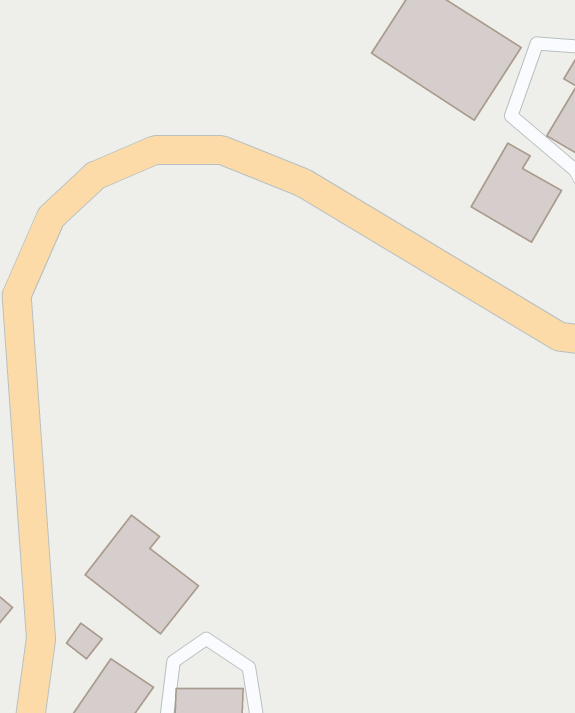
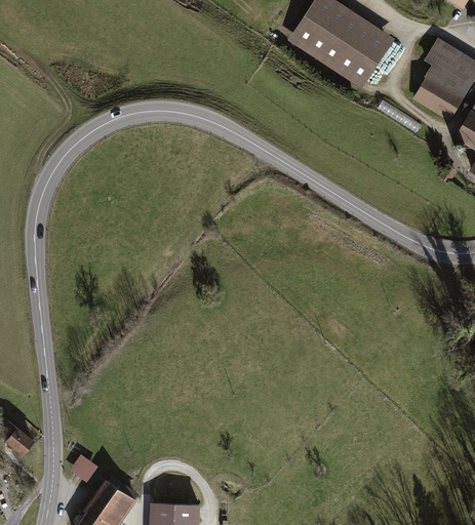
building: [471,143,562,242] -> none
building: [85,515,199,634] -> none

